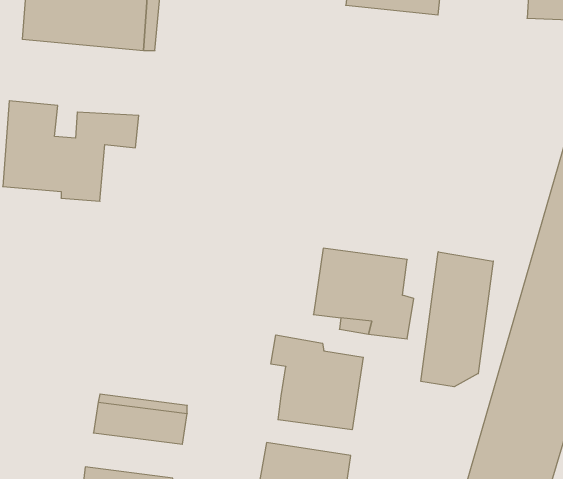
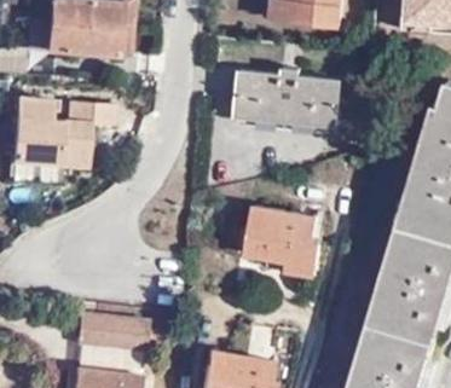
building: none -> [233,75,335,128]
building: [421,252,493,387] -> none
building: [271,335,363,430] -> none

